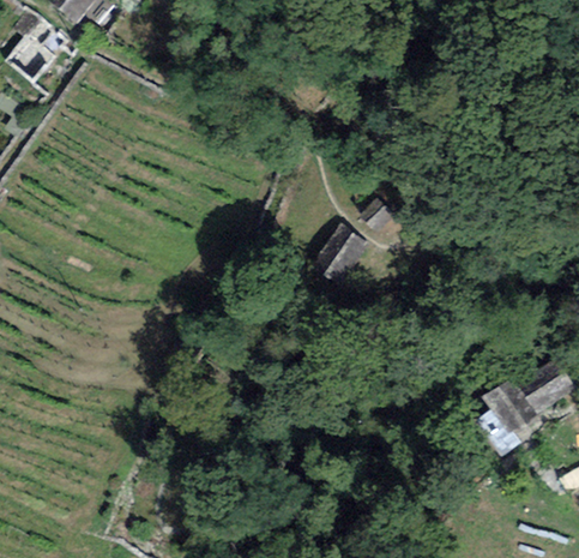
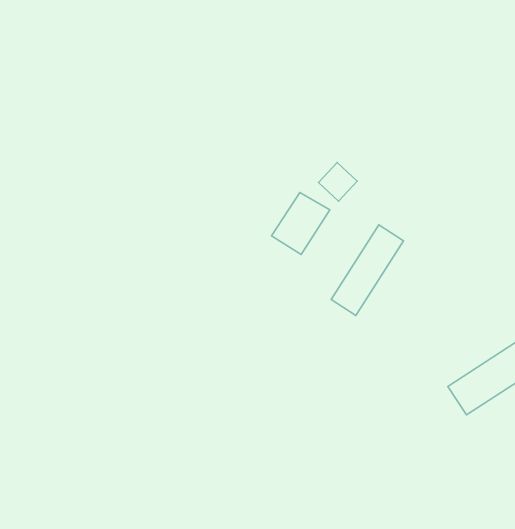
building: none -> [331,225,404,315]

